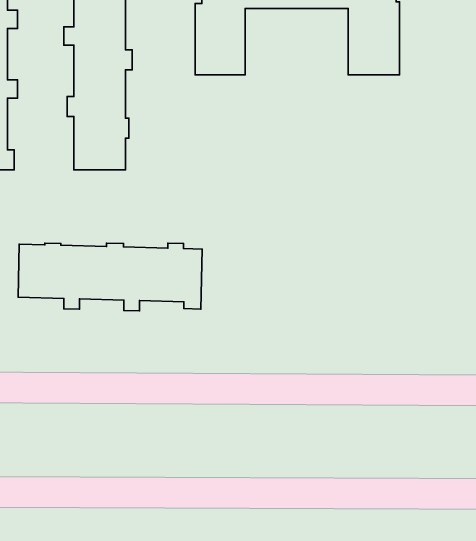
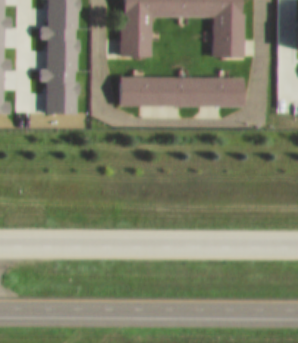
building: none -> [119,76,242,104]
building: [18,243,202,311] -> none

